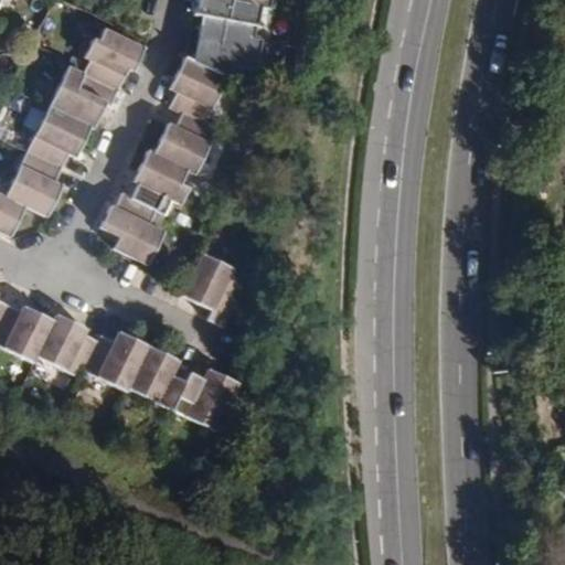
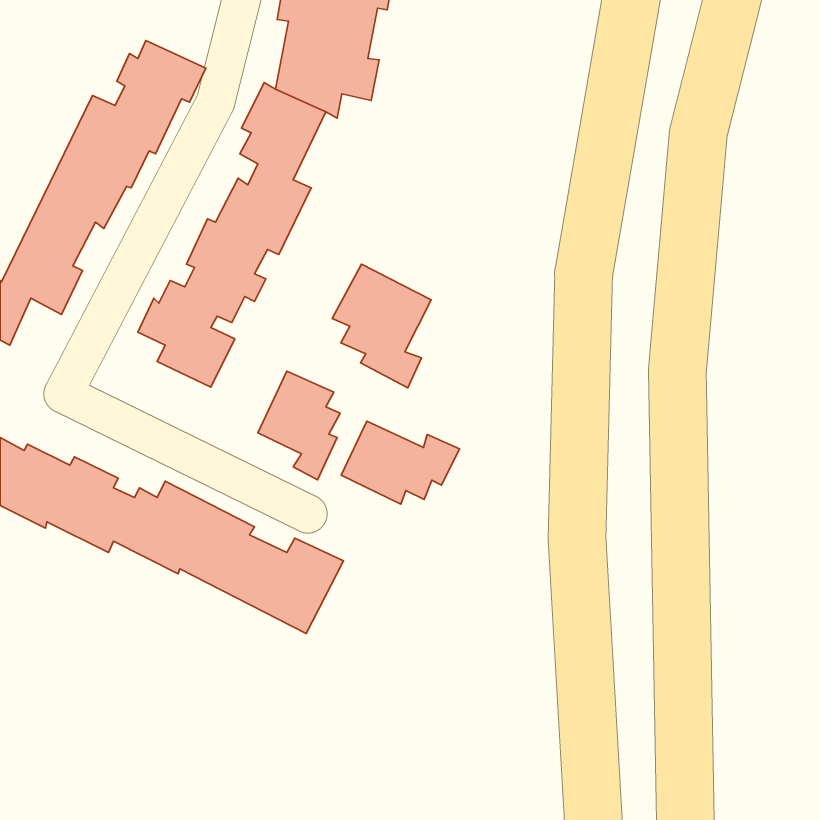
building: none -> [332,264,431,388]
building: none -> [341,421,460,504]

